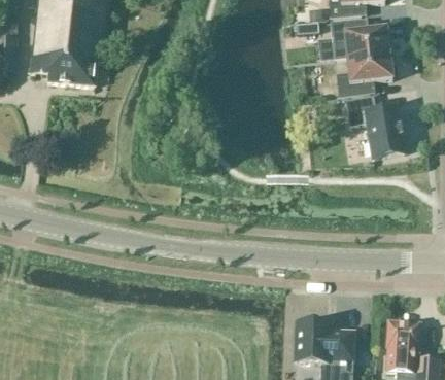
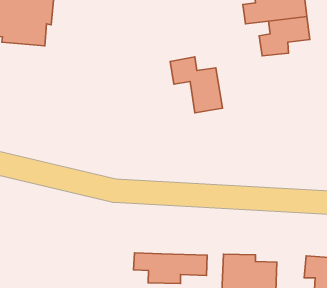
building: [345,94,404,157] -> [170,57,222,113]
building: none -> [133,253,207,283]

